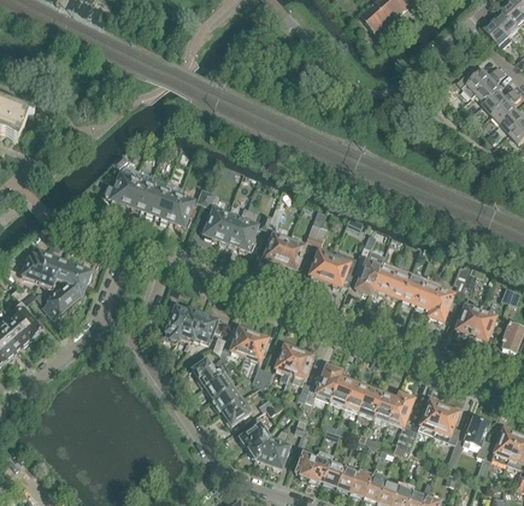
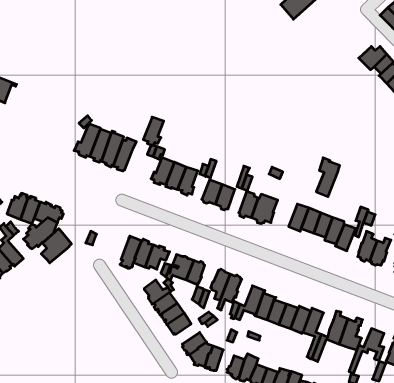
building: [167,193,193,228] -> [143,117,164,145]
building: [354,245,383,293] -> [316,158,340,197]
building: none -> [41,229,71,263]

